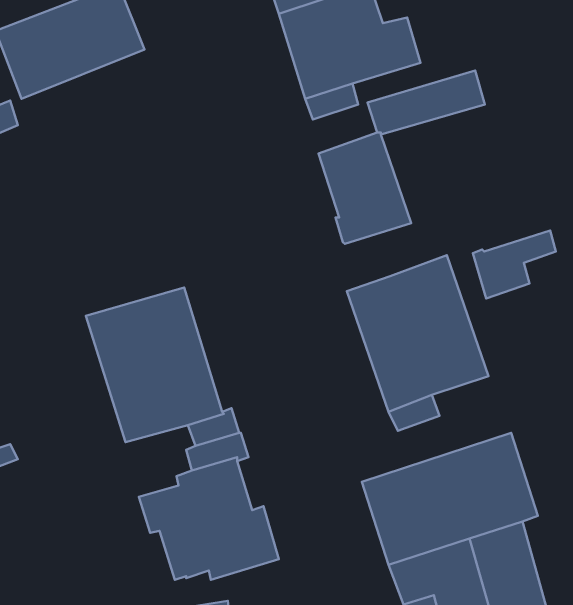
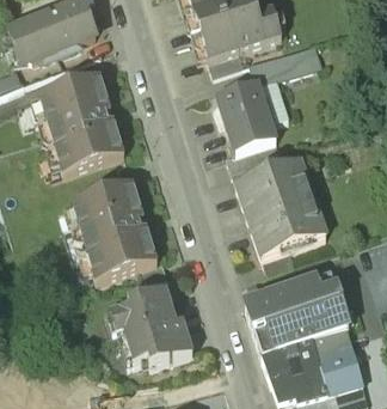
building: none -> [42,71,128,171]
building: [473,231,556,299] -> [226,142,278,185]

